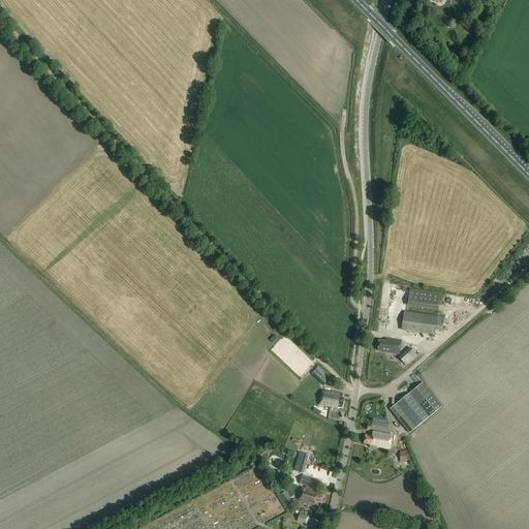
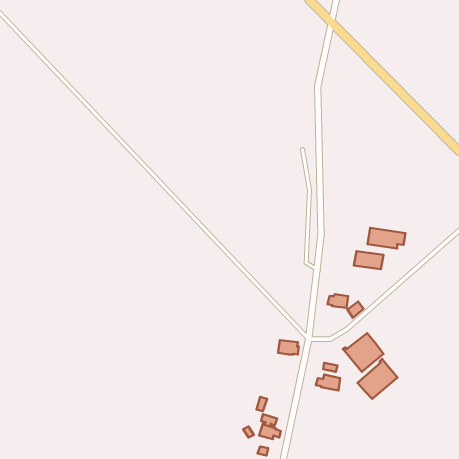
building: [400,310,443,334] -> [368,228,405,249]
building: none -> [358,359,398,399]

